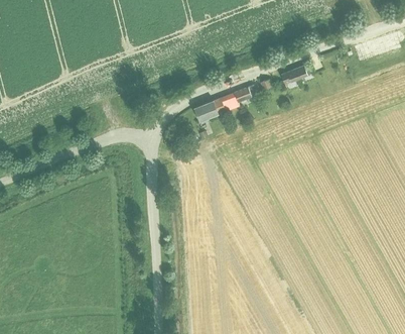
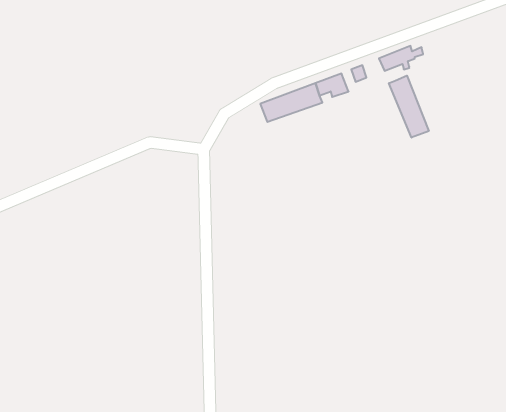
building: none -> [389,76,429,138]

